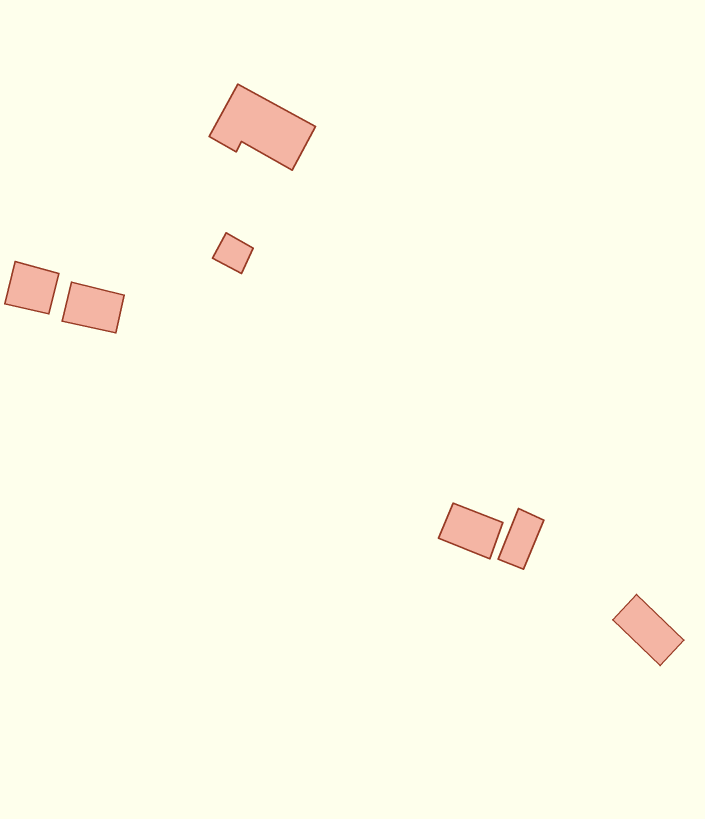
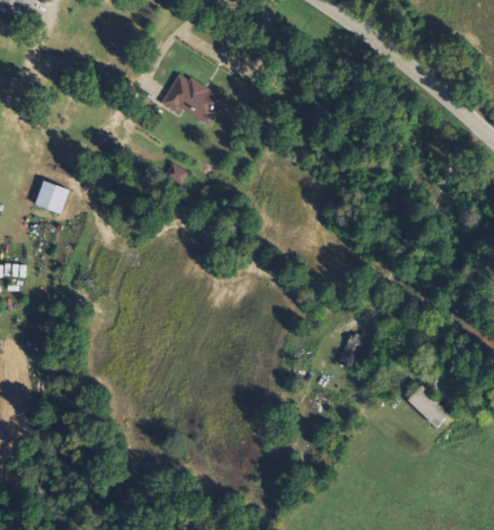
building: [62,282,124,333] -> none
building: [438,503,503,559] -> none

